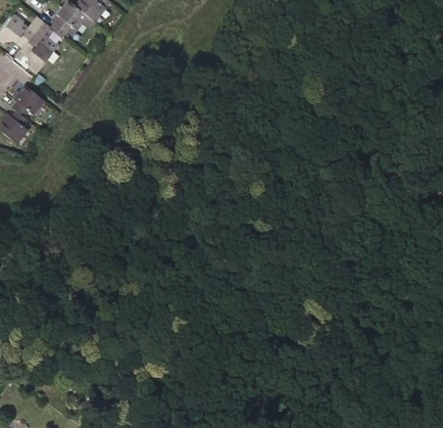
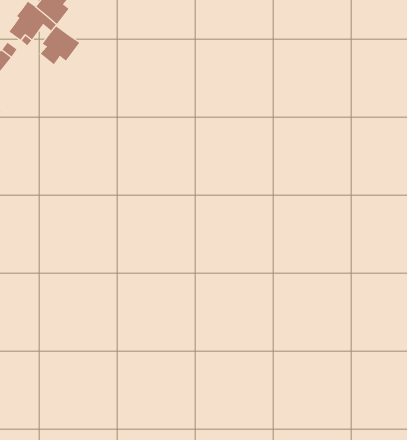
building: none -> [40,26,80,65]

